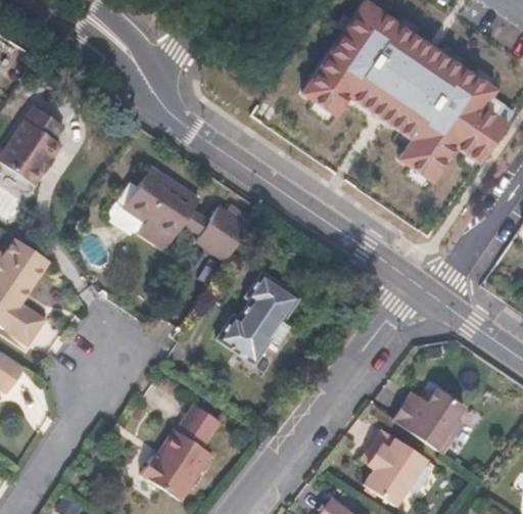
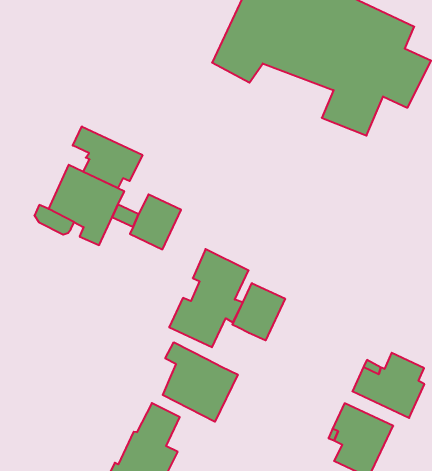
building: none -> [73,126,142,188]
building: none -> [232,283,285,340]
building: none -> [163,342,238,422]

